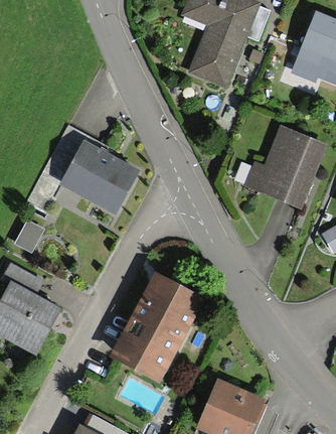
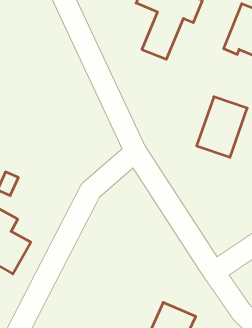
building: [64,144,135,208] -> none
building: [118,278,195,376] -> none

